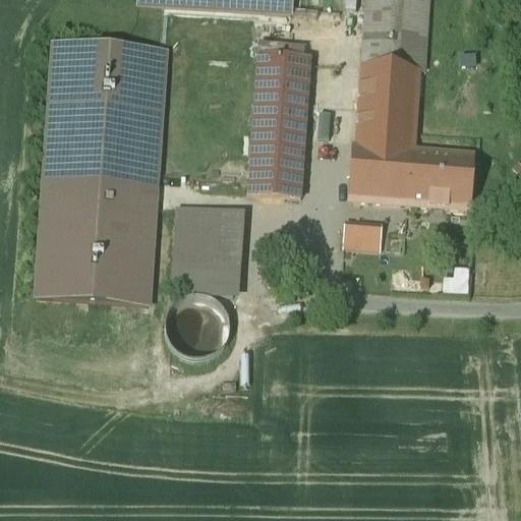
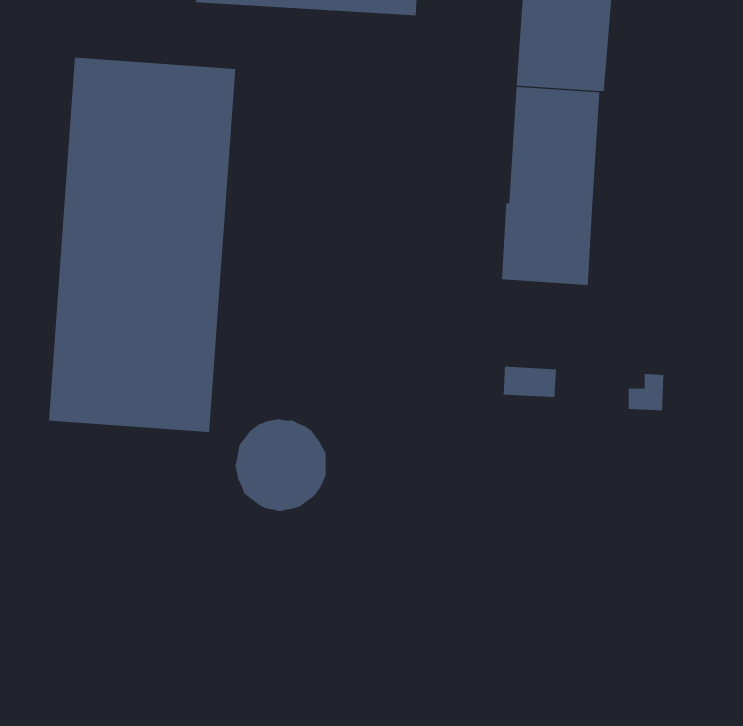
building: [248,53,311,192] -> none
building: [412,146,472,204] -> none
building: [171,204,244,292] -> none
building: [344,222,382,244] -> [503,366,557,398]

